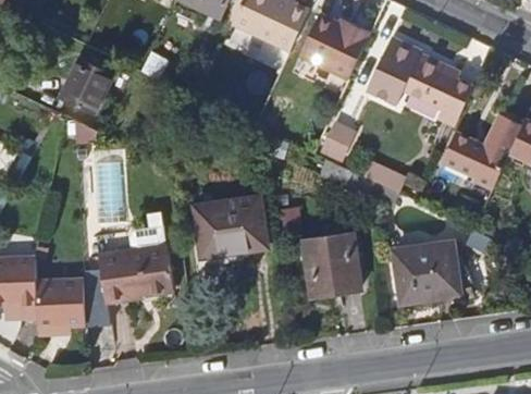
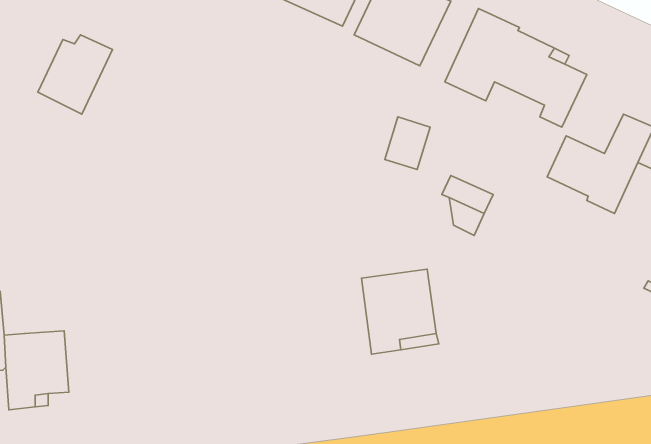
building: [196,195,267,253] -> none
building: [394,238,459,300] -> none
building: [99,245,175,304] -> none

